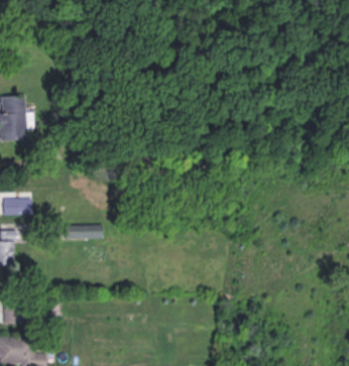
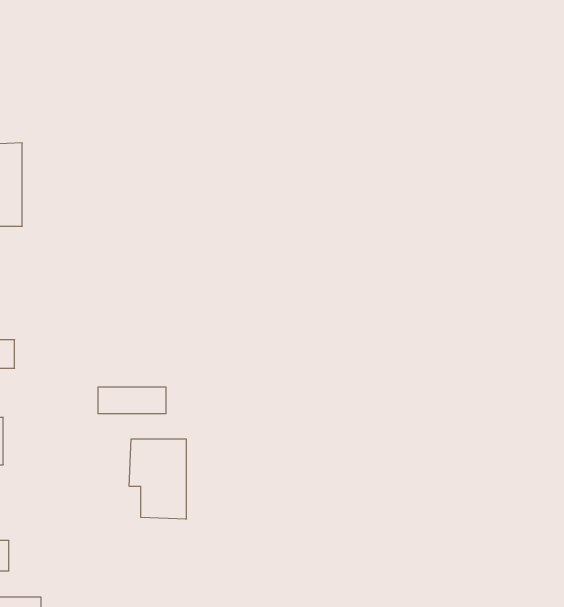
building: none -> [129,439,186,519]

